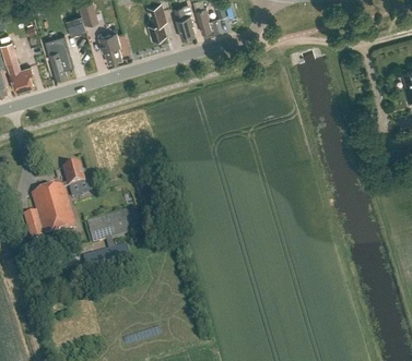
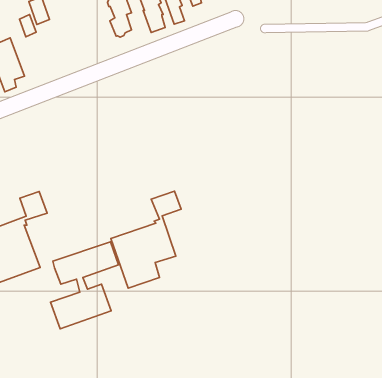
building: [97,32,121,62] -> none
building: none -> [111,191,181,288]

